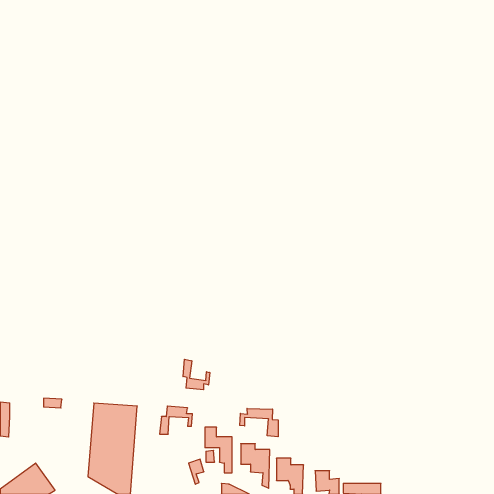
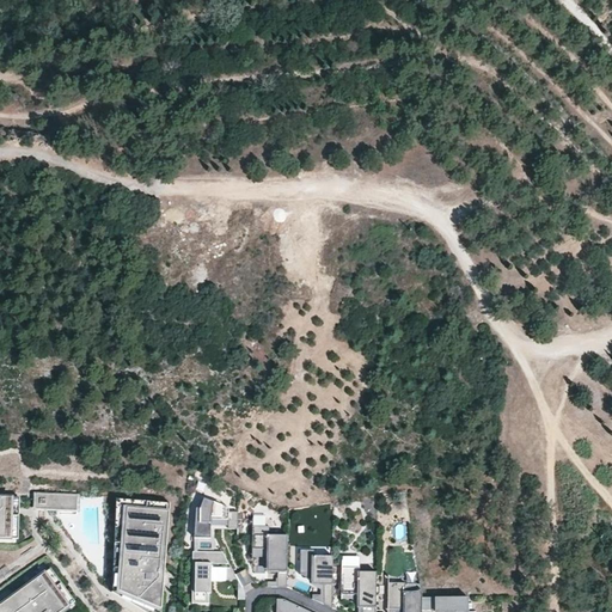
building: [183,359,210,390] -> none
building: [240,408,278,437] -> none
building: none -> [190,552,228,604]

